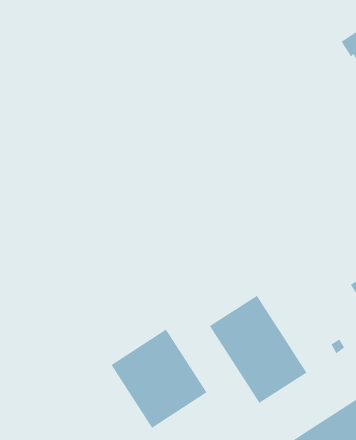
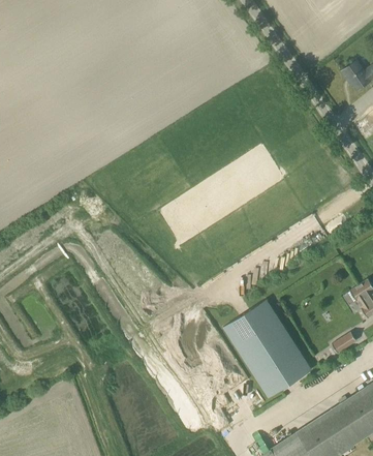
building: [111,329,207,429] -> none

